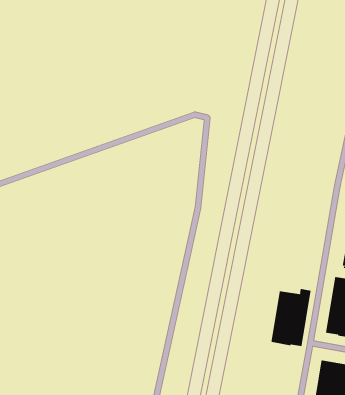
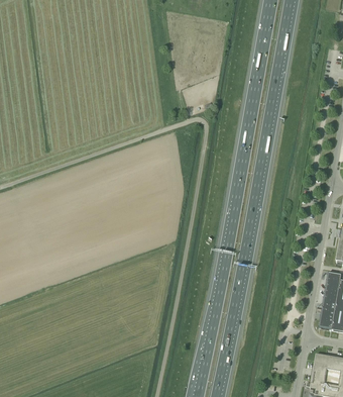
building: [271,288,311,347] -> none

